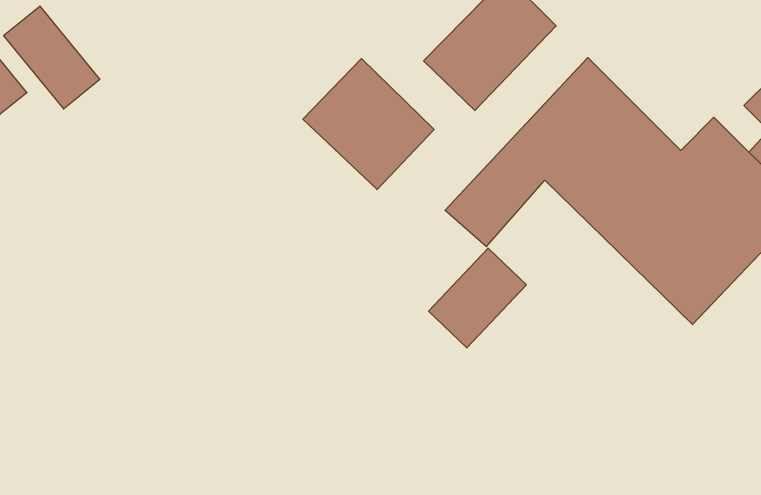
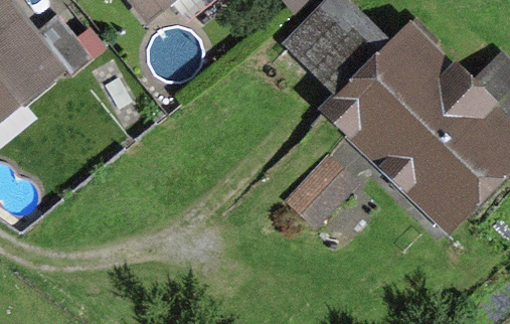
building: [303,59,434,190] -> none

